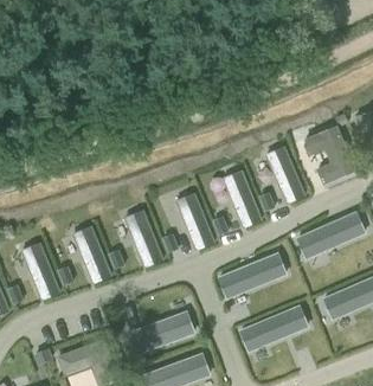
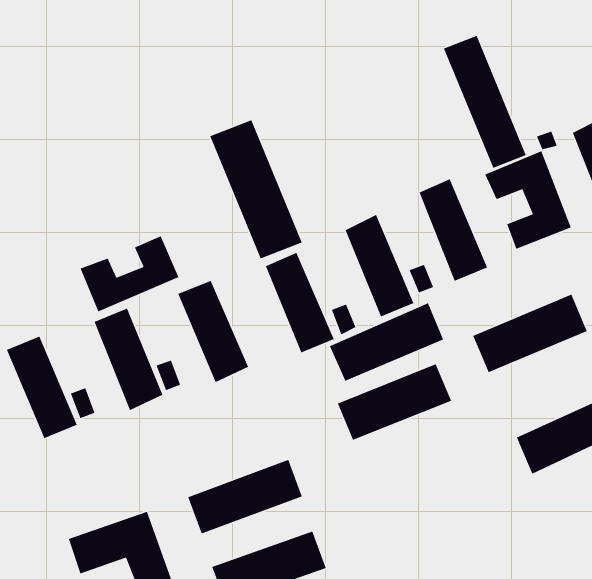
building: none -> [443,35,527,169]
building: none -> [209,119,303,259]
building: none -> [80,235,179,313]
building: [238,304,307,352] -> [329,302,444,382]

